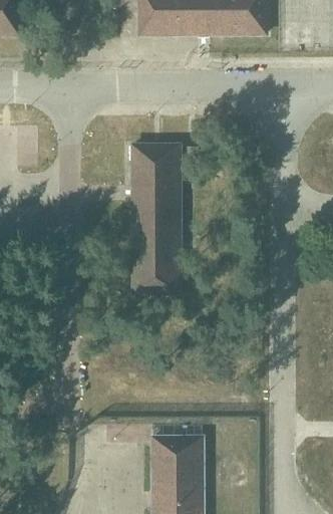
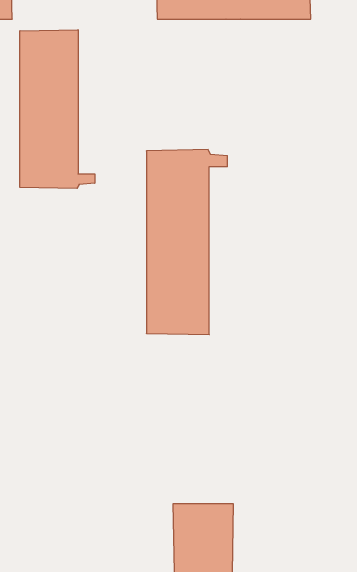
building: none -> [20,30,95,188]

